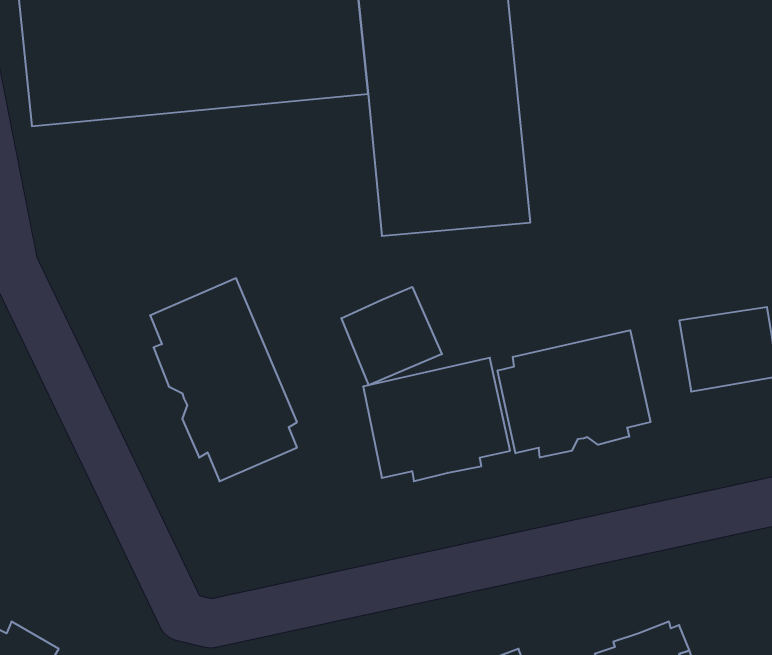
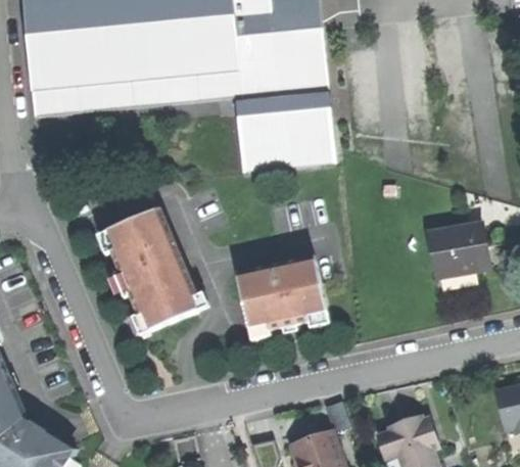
building: [341,287,442,385] -> none
building: [498,330,650,458] -> none

